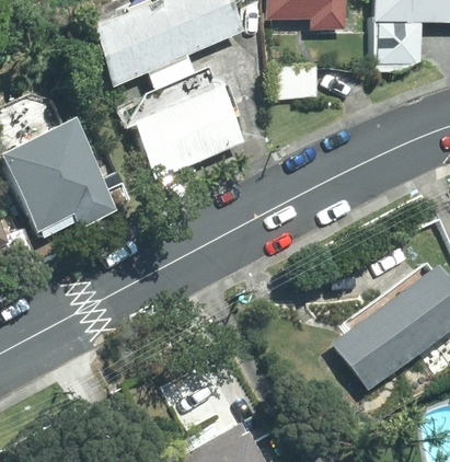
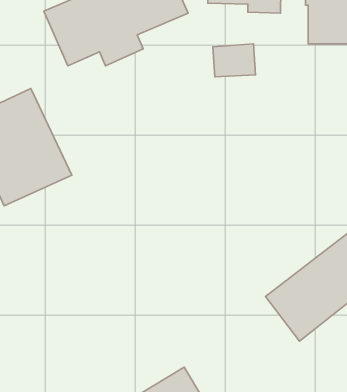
building: [135,82,247,178] -> none

